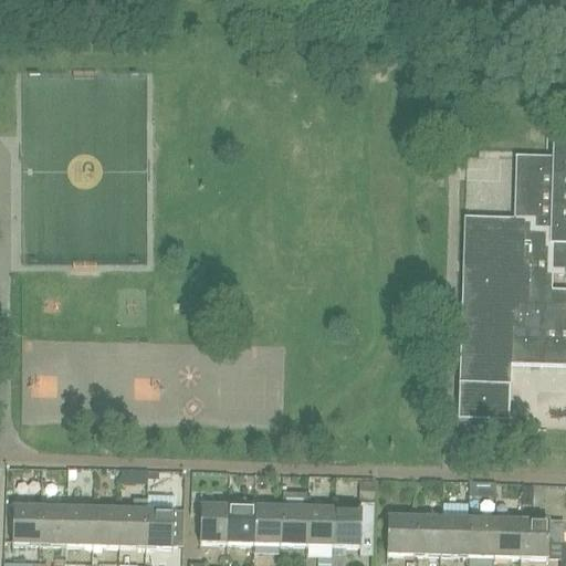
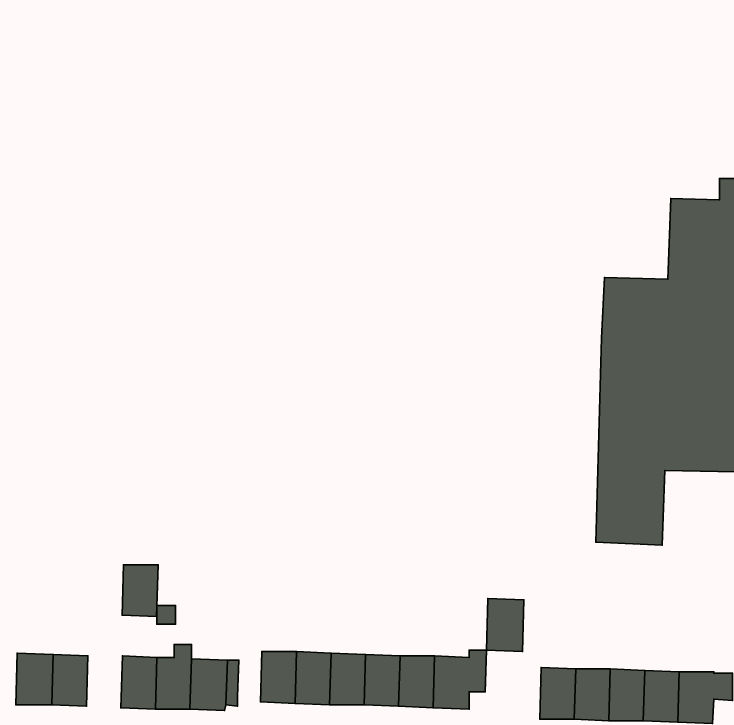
building: [67,504,95,544] -> [122,565,158,617]
building: [388,512,417,553] -> [486,598,524,652]

